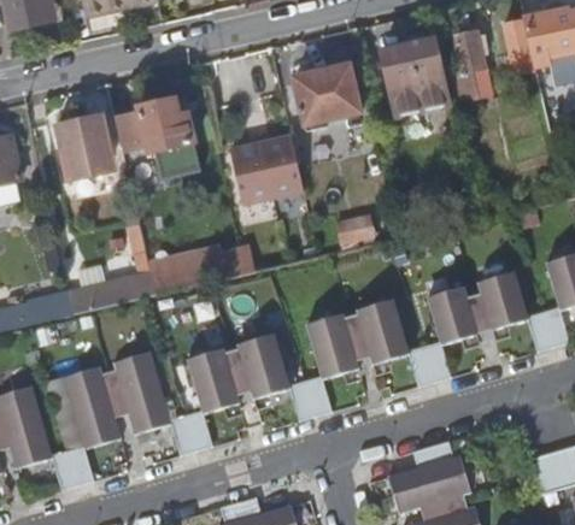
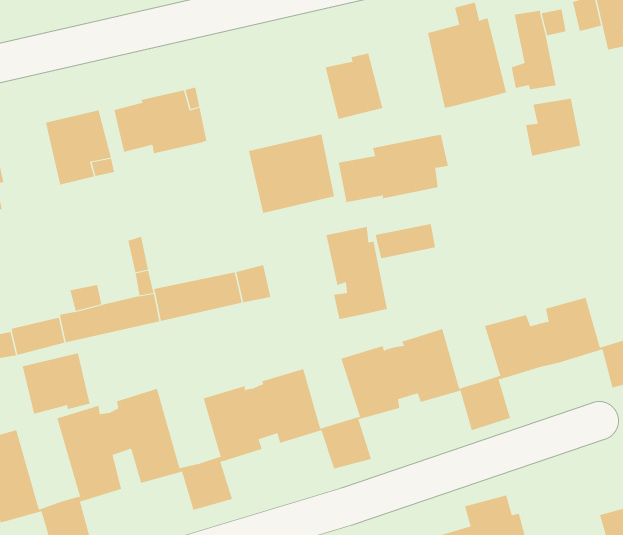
building: none -> [526,98,581,157]
building: none -> [338,134,449,203]
building: none -> [326,226,387,320]
building: none -> [22,353,90,415]

